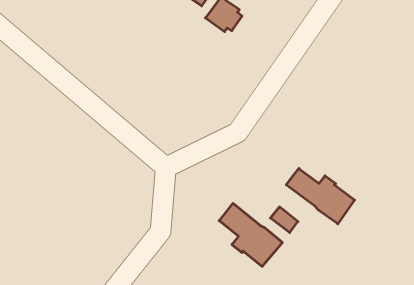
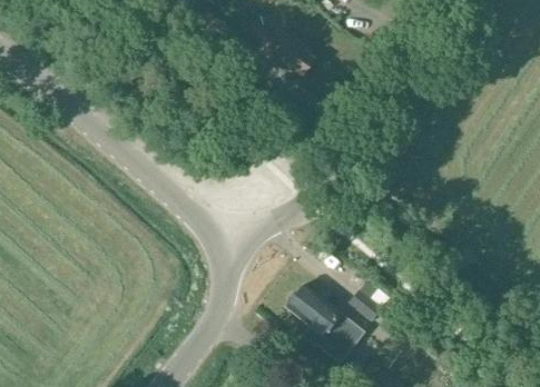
building: [286,168,355,224] -> none

